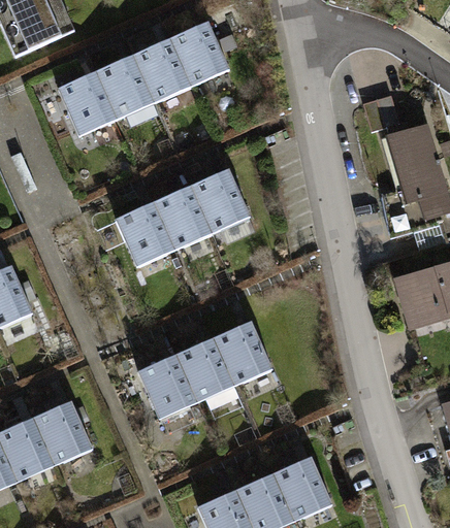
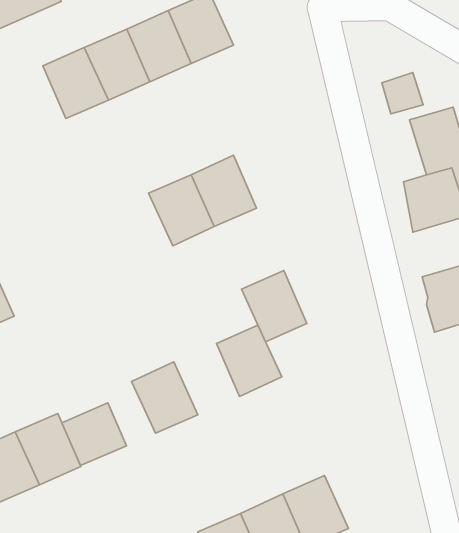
building: [116,202,174,266] -> none
building: [175,337,234,401] -> [241,271,307,342]
building: none -> [62,403,127,466]

